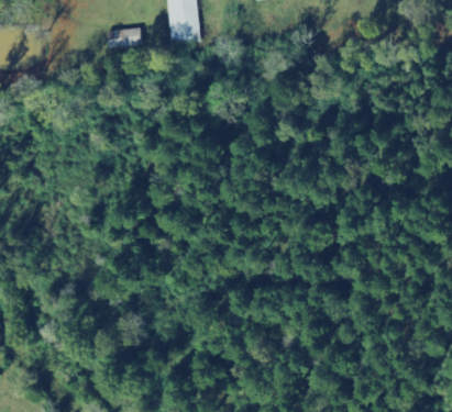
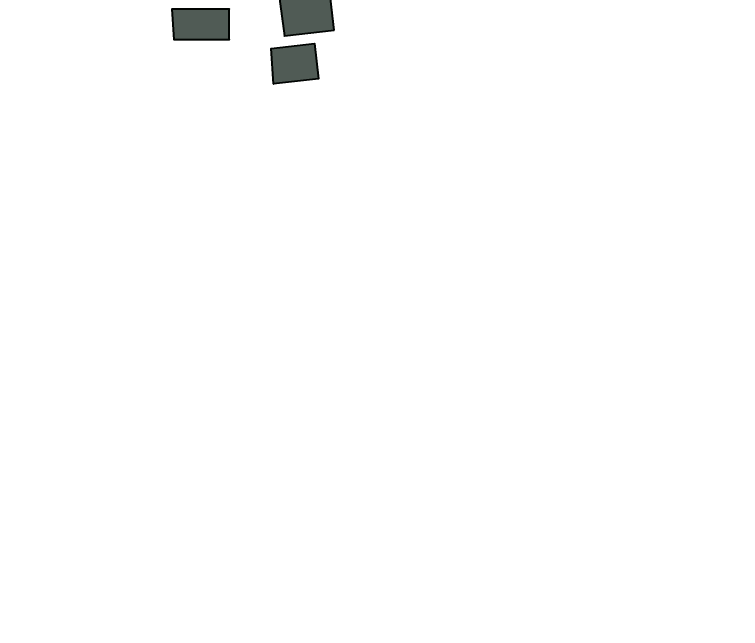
building: none -> [271,44,319,84]

